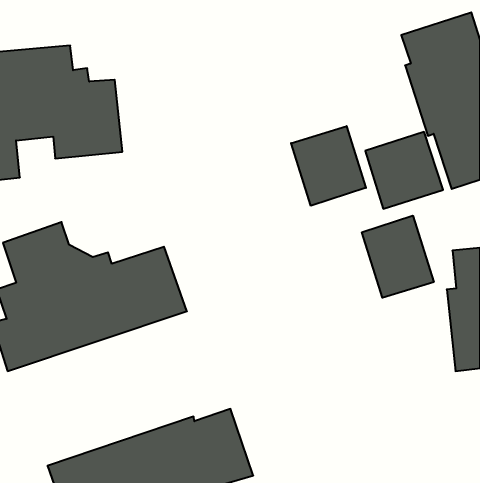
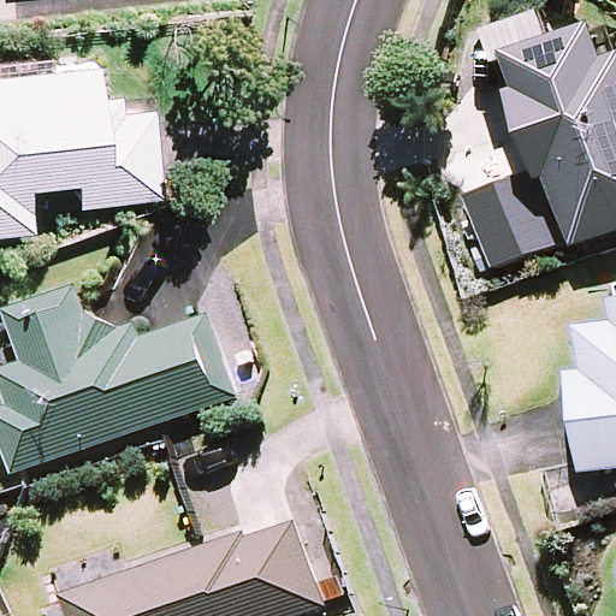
building: [291,126,366,206] -> none
building: [362,216,434,298] -> none

